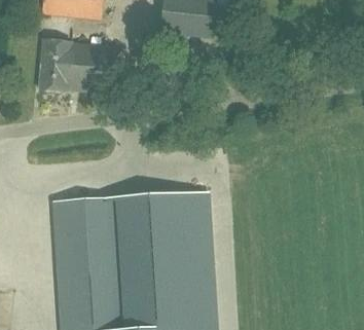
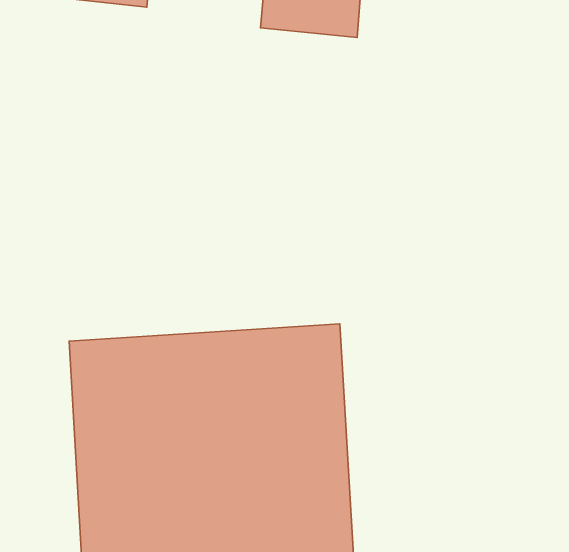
building: [37,38,116,90] -> none

